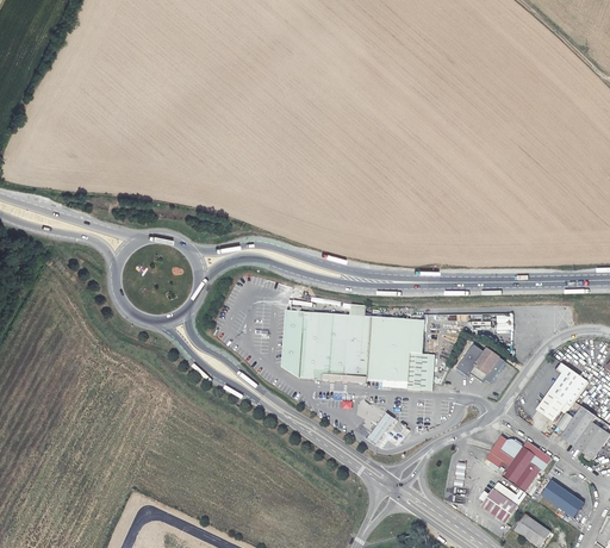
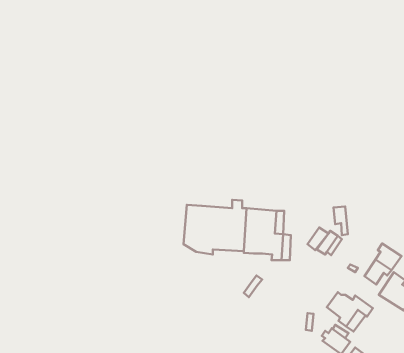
building: [540,479,581,516] -> none

